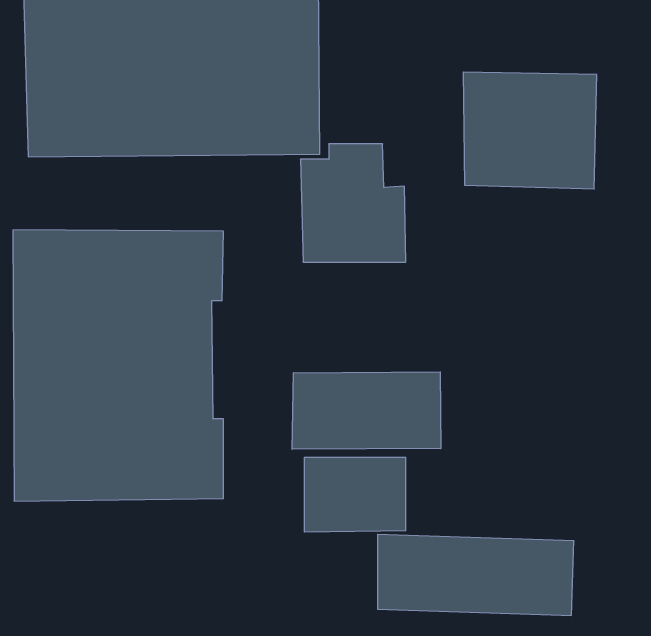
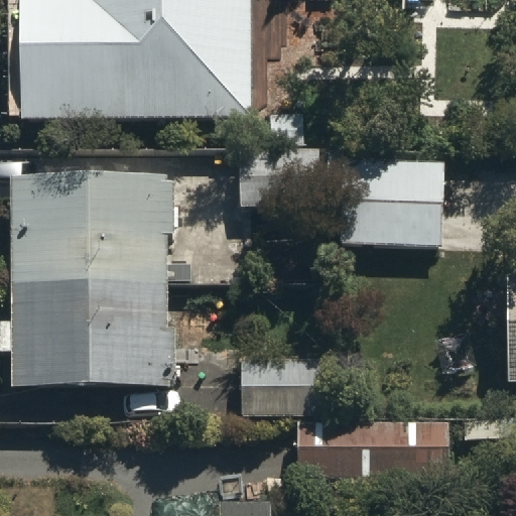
building: [463,72,597,189] -> [339,153,443,245]
building: [292,372,441,449] -> none

